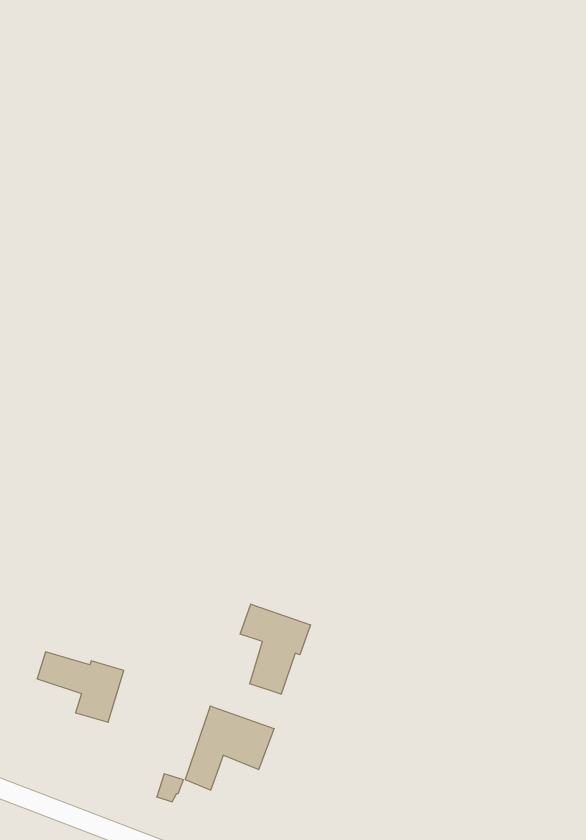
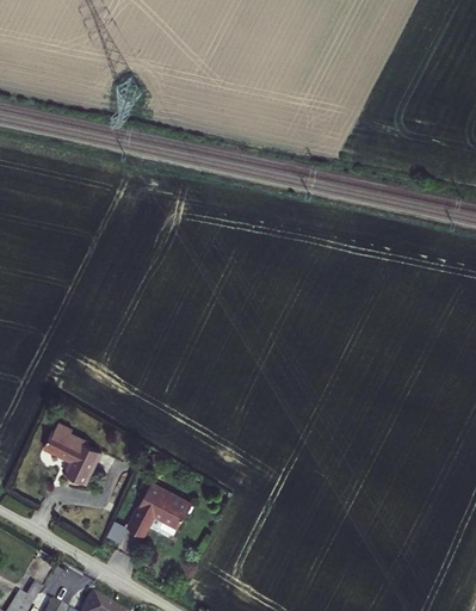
building: [240,604,310,694] -> none

